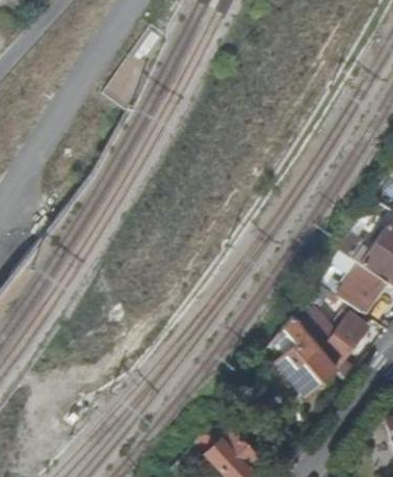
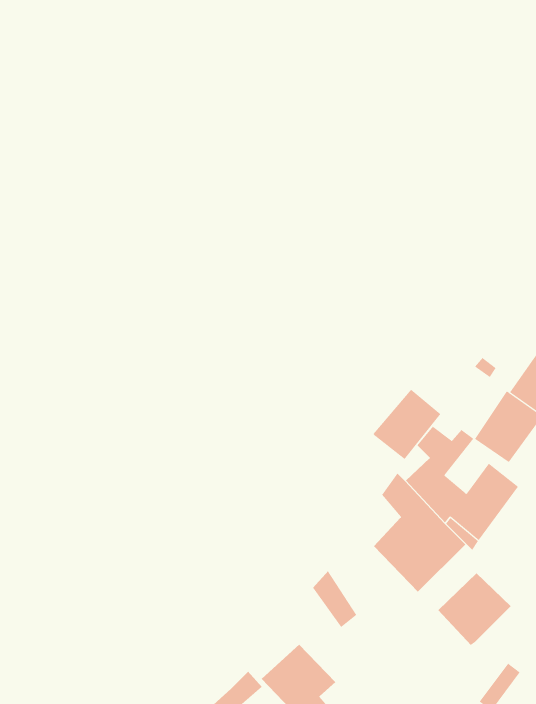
building: none -> [373,389,441,460]
building: none -> [437,572,512,646]

